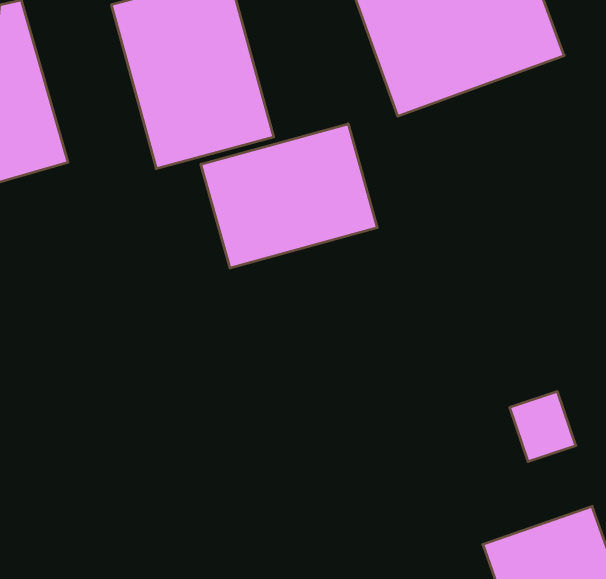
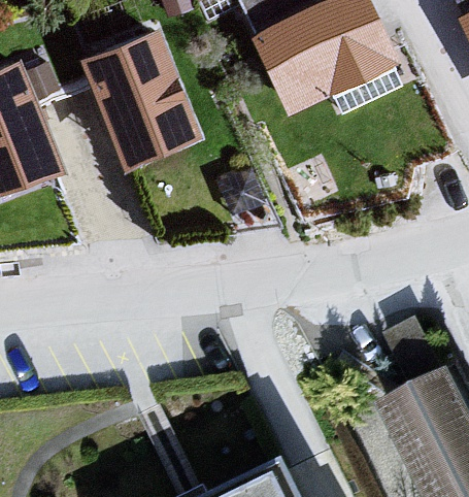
building: [201,124,377,268] -> none

